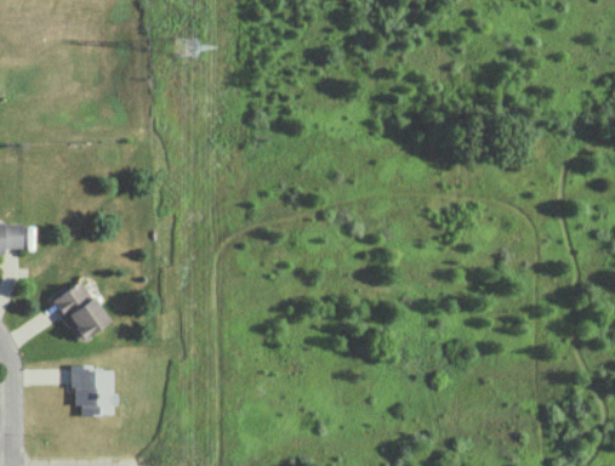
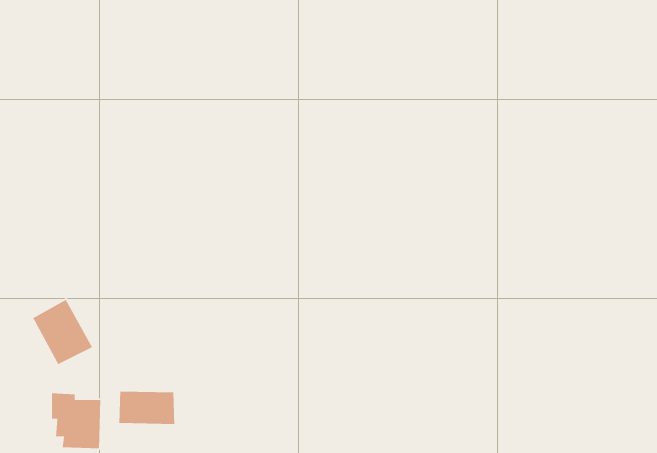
building: none -> [119,391,175,425]

